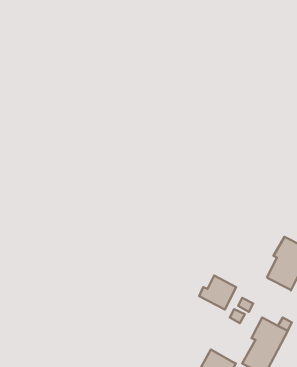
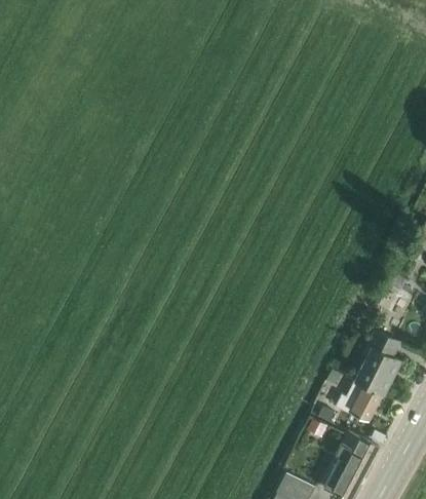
building: [199,276,236,309] -> [336,381,382,423]

